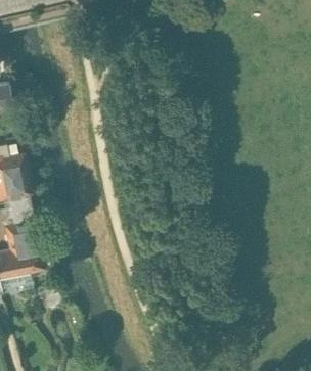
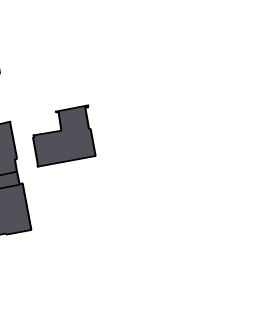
building: none -> [33,105,95,167]

